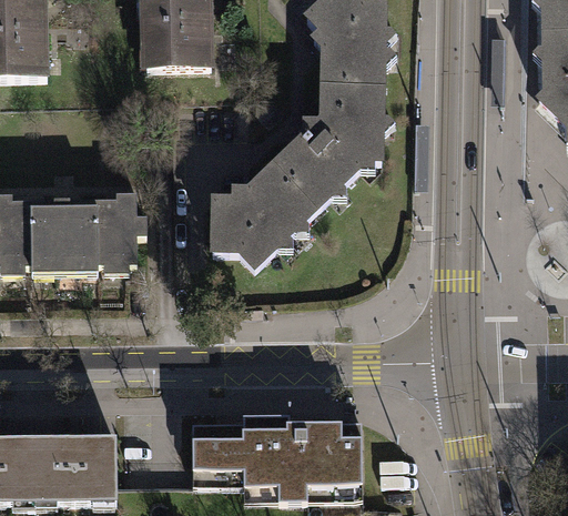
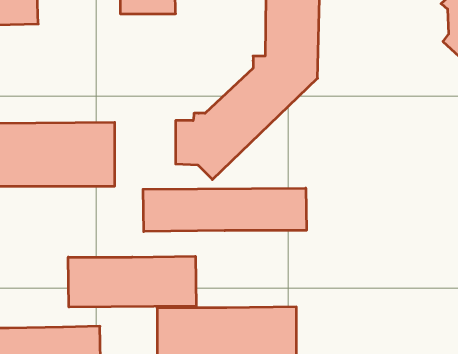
building: none -> [143,188,306,232]
building: none -> [68,256,196,307]

